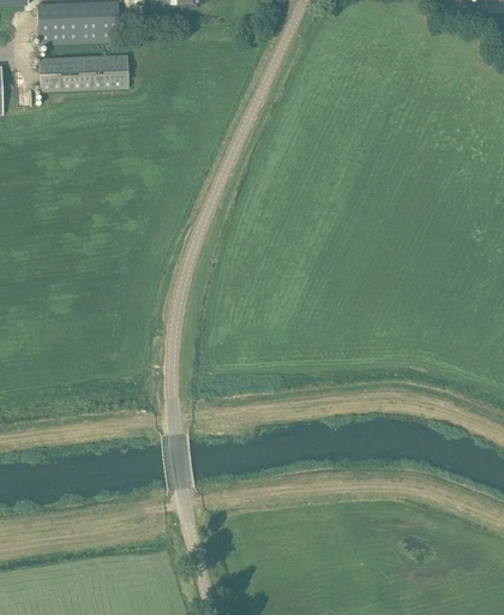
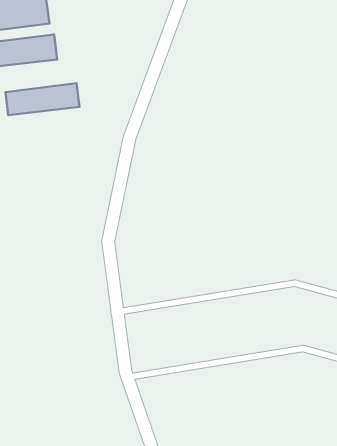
building: none -> [5,83,79,115]

